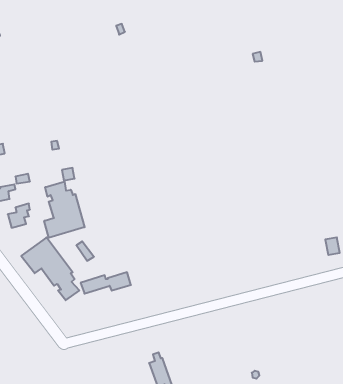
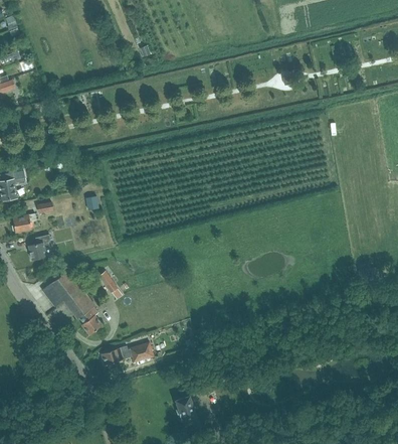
building: [44,181,85,238] -> none
building: [81,272,131,294] -> [102,342,154,364]

